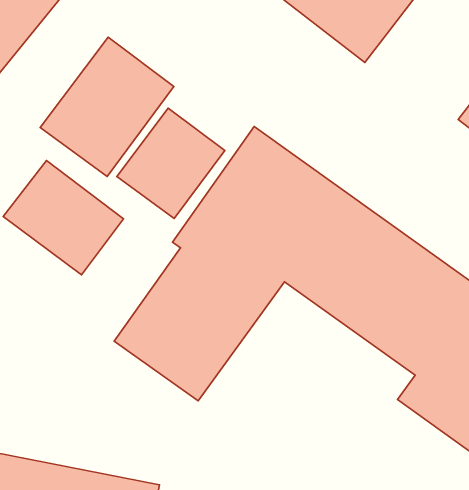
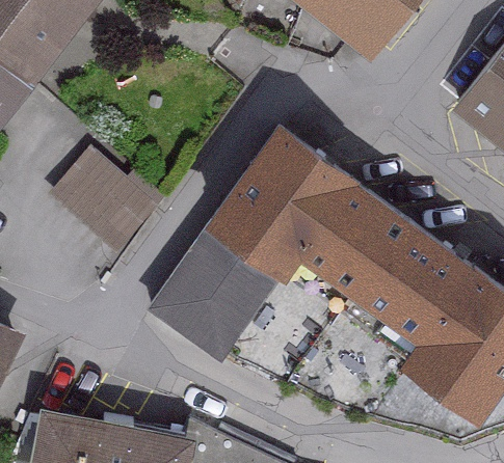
building: [40,37,174,176] -> none
building: [117,108,225,219] -> none

